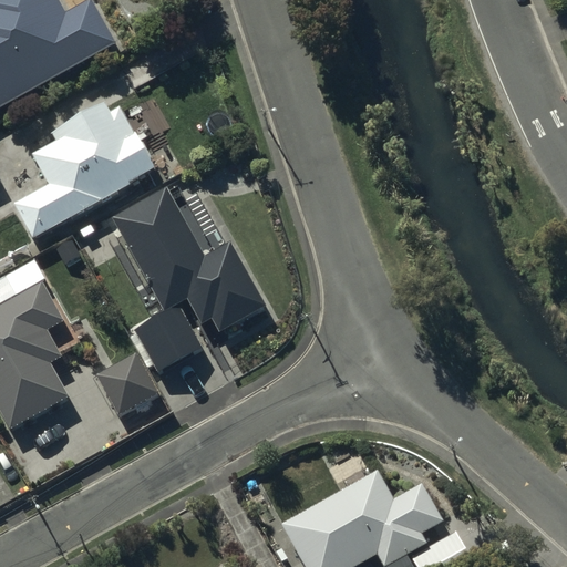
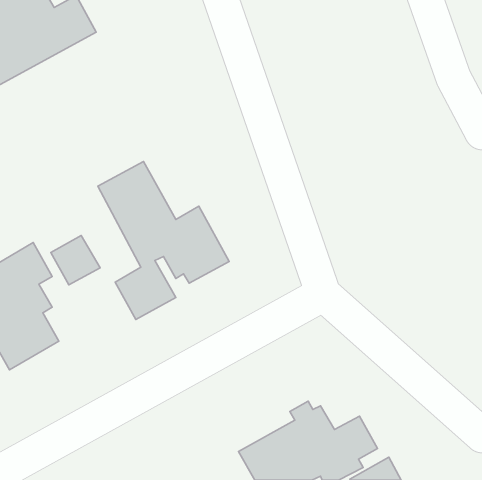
building: [19,110,150,233] -> none
building: [96,353,154,411] -> [51,235,100,285]

